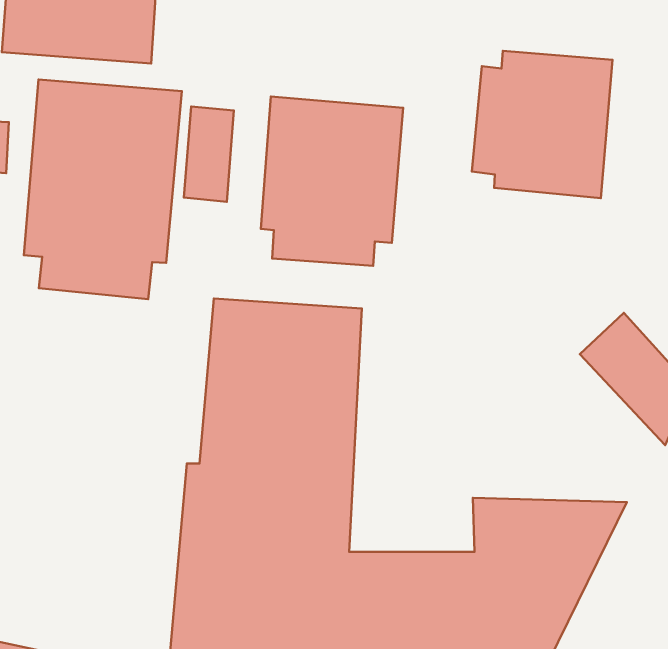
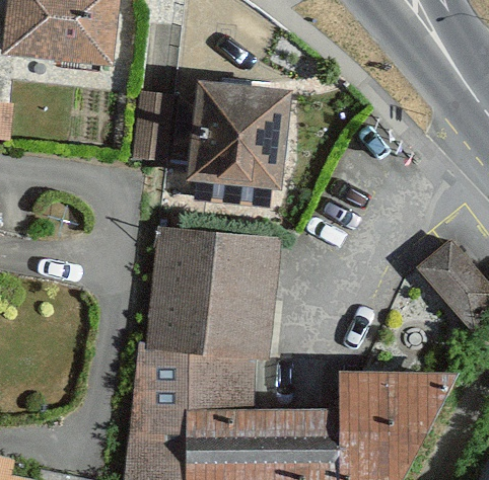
building: [472,51,612,198] -> none
building: [24,79,182,299] -> none

